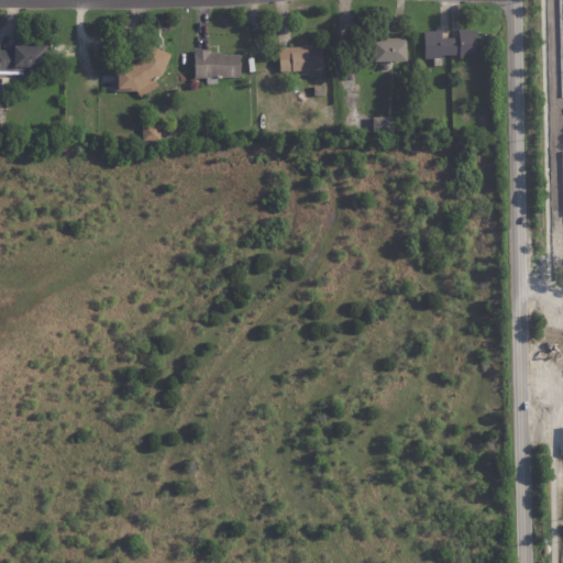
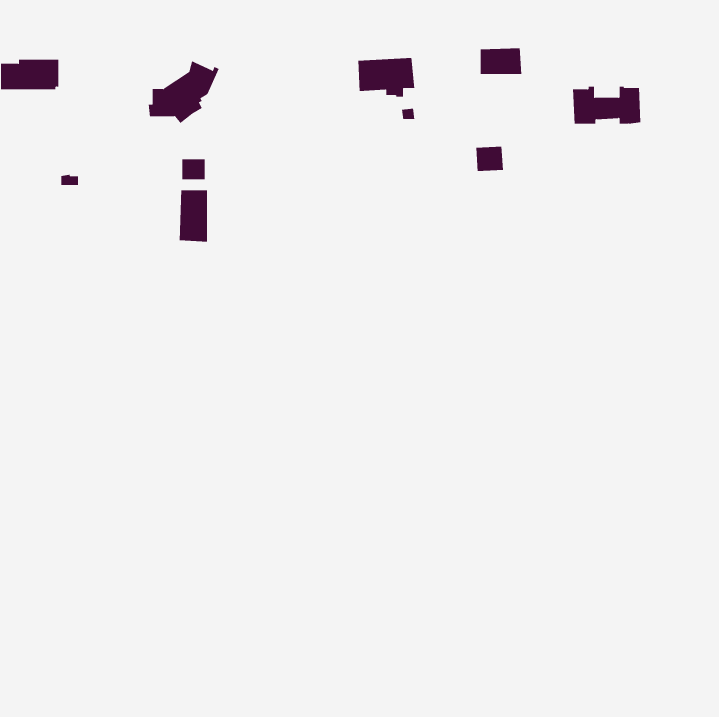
building: [423,27,477,57] -> [572,86,641,124]
building: [195,49,241,84] -> none
building: none -> [179,190,208,243]

